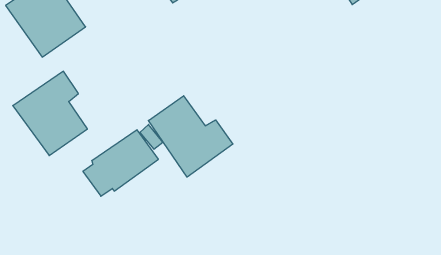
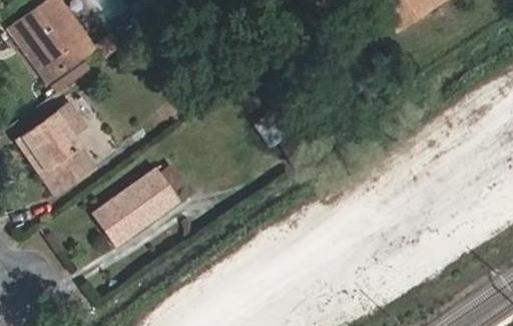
building: [148,96,233,177] -> none

